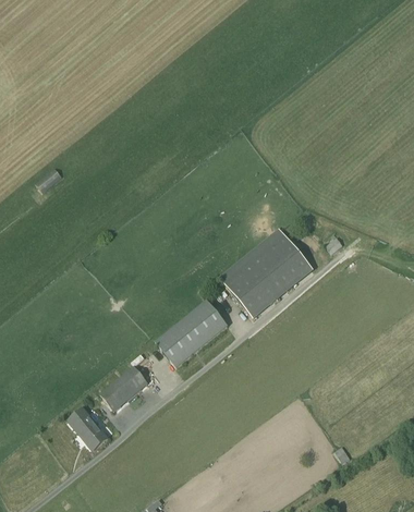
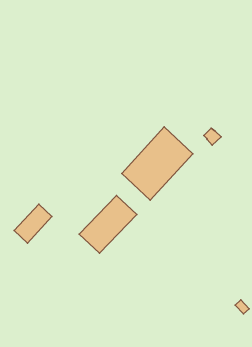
building: [100,366,148,412] -> [14,204,52,243]
building: [69,409,108,451] -> none

